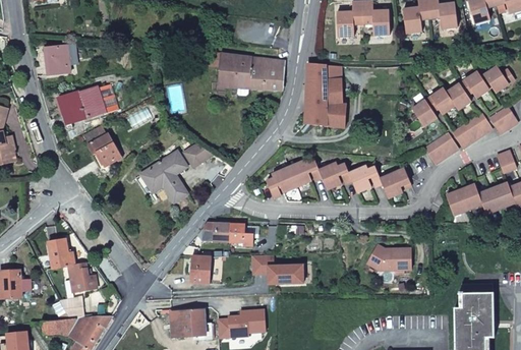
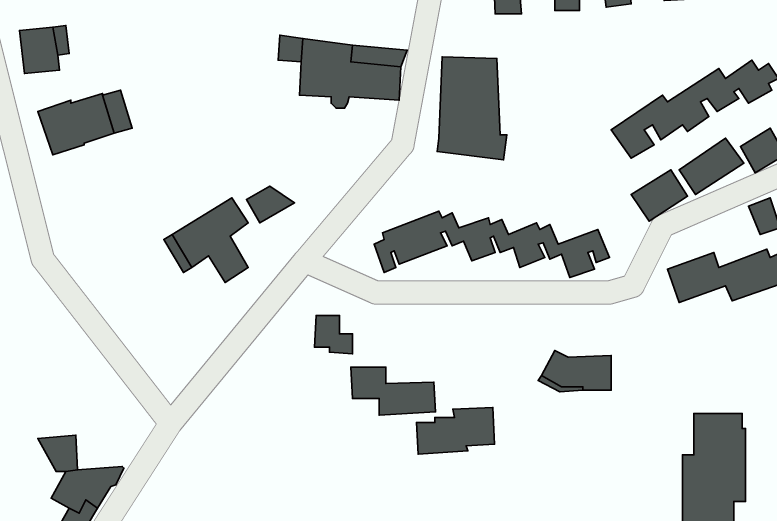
building: [83,125,121,167] -> none
building: [196,222,229,242] -> none
building: [48,239,97,291] -> none
building: [190,255,210,284] -> none
building: [170,309,205,336] -> none
building: [217,309,265,338] -> [417,408,494,454]
building: [41,318,75,335] -> none

